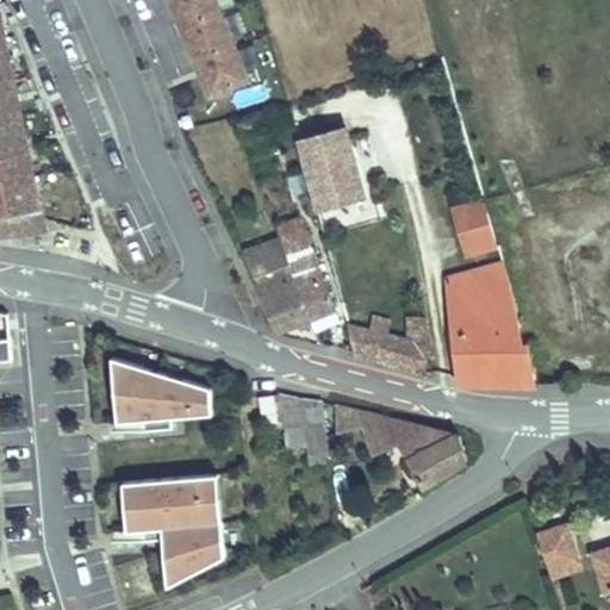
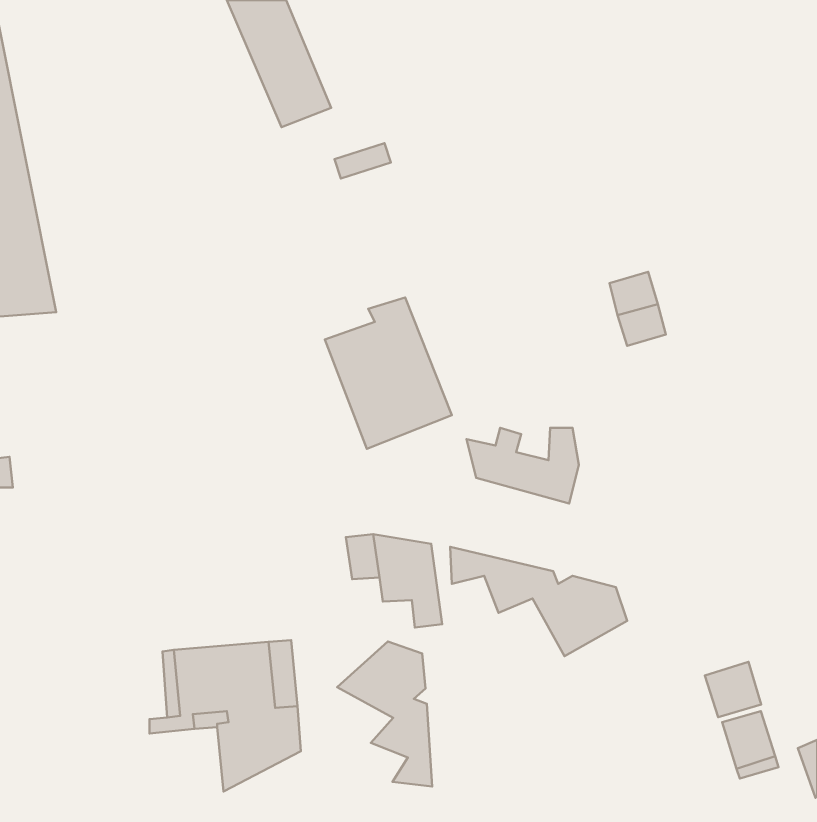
building: [294,127,361,210] -> none
building: [440,266,534,384] -> none
building: [113,357,211,432] -> none
building: none -> [337,642,432,786]
building: none -> [705,662,761,717]

